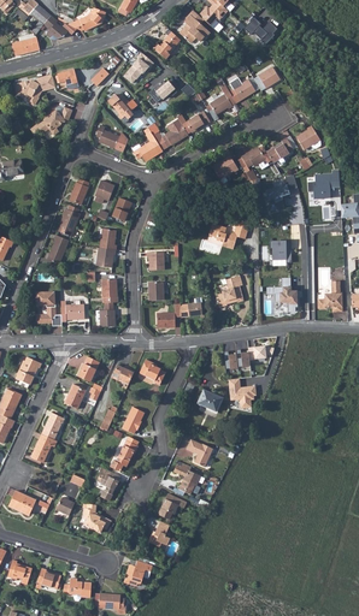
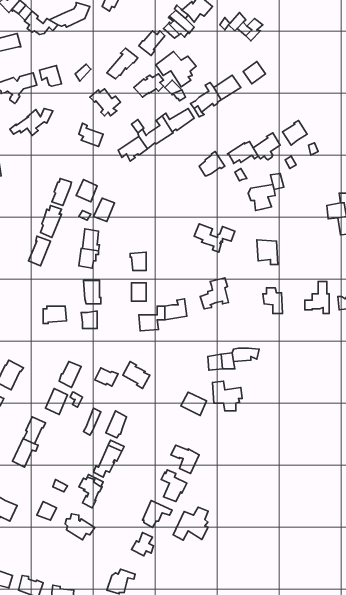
building: none -> [156,51,196,87]
building: [306,172,339,199] -> none
building: [36,292,61,326] -> none
building: none -> [173,507,208,540]

